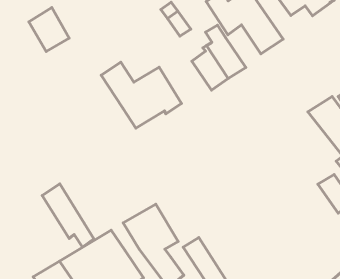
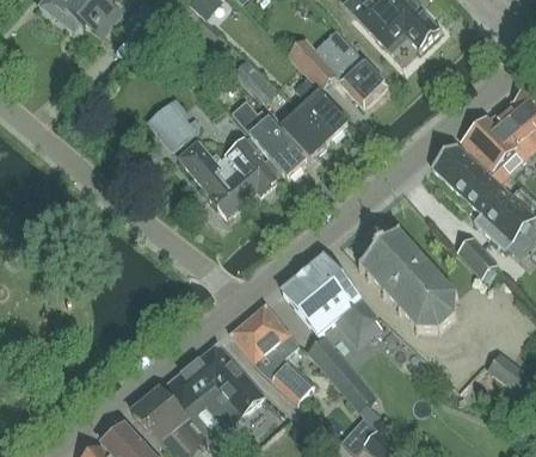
building: [29,8,69,51] -> [144,97,196,150]
building: none -> [230,99,306,175]
building: none -> [358,234,454,333]
building: none -> [283,257,376,339]
building: [42,184,94,247] -> none

